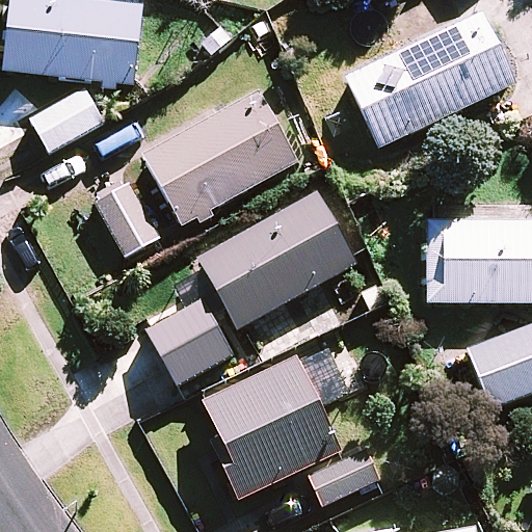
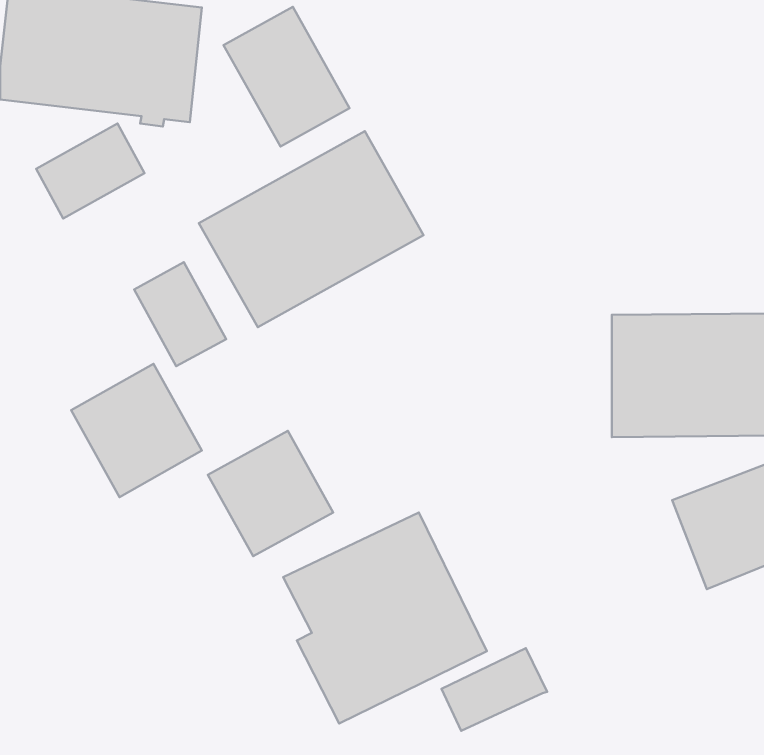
building: none -> [224,7,349,147]
building: [344,10,513,148] -> none
building: [197,190,356,329] -> none
building: none -> [71,364,202,497]

